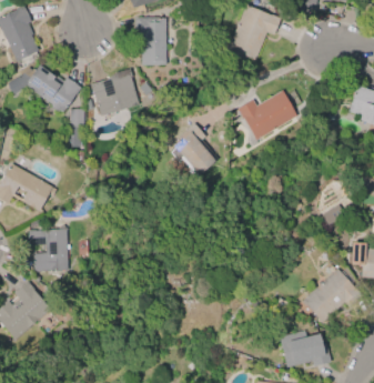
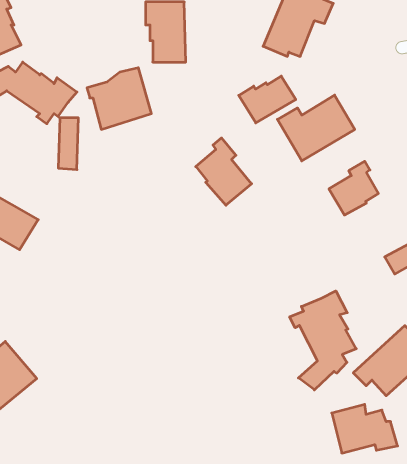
building: none -> [239,76,296,123]
building: none -> [329,161,378,215]
building: [29,229,70,272] -> none
building: none -> [290,291,356,390]

